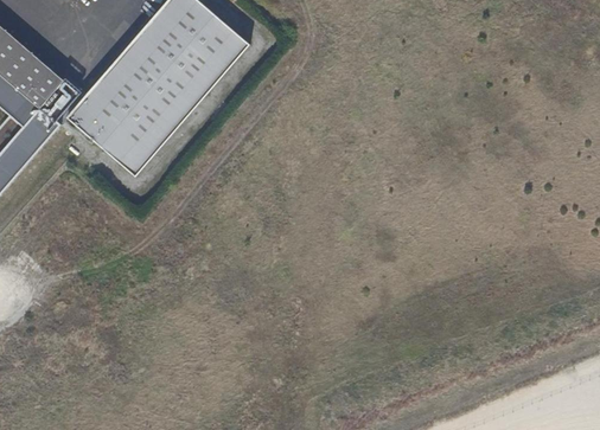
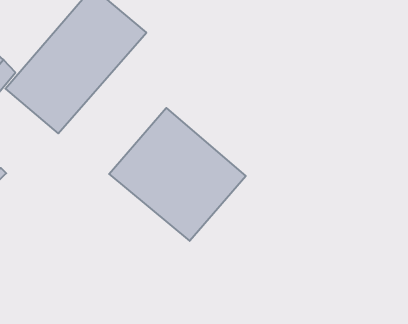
building: none -> [109,108,246,241]

